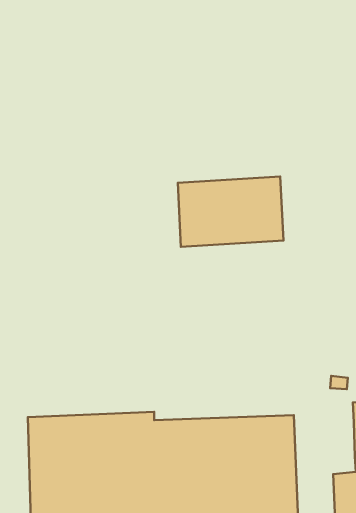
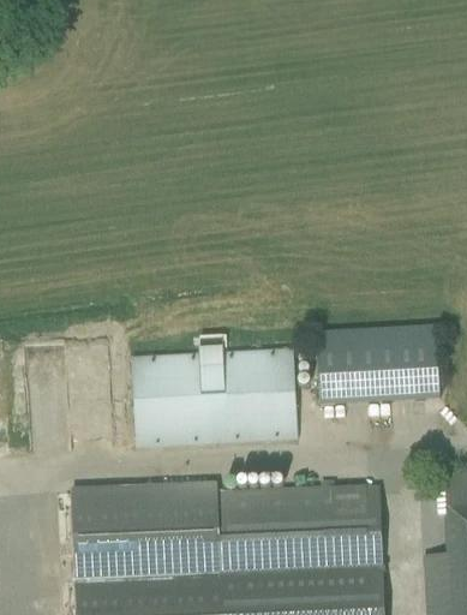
building: [178,176,283,247] -> [317,323,439,405]
building: none -> [131,346,298,447]

